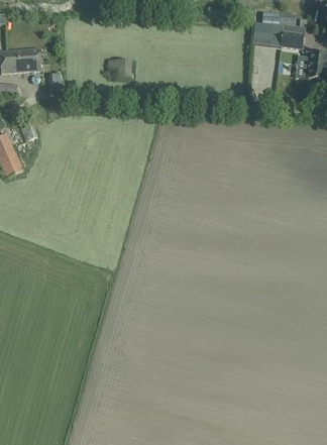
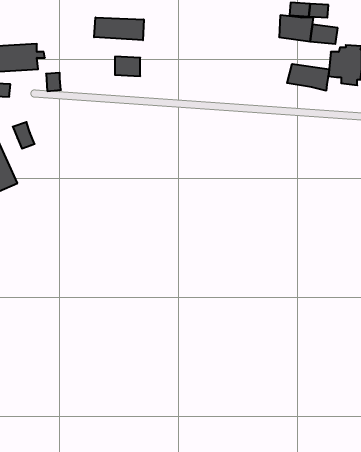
building: none -> [94,17,144,40]
building: none -> [287,64,329,91]

